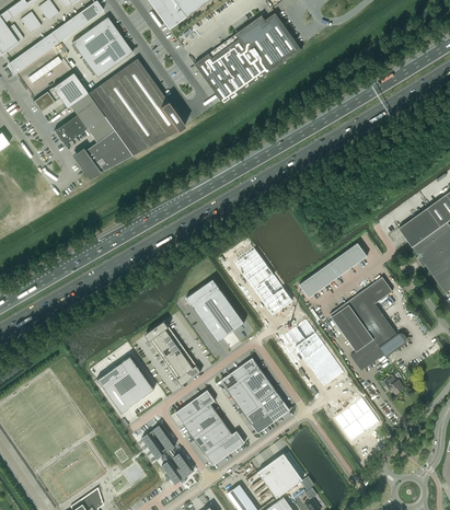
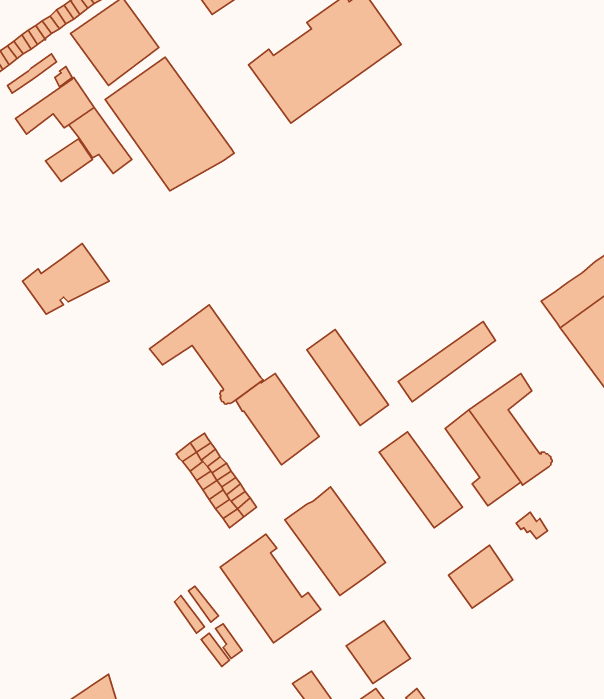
building: [72,129,132,178] -> [22,243,109,314]
building: none -> [150,305,263,404]
building: [96,355,154,413] -> none

